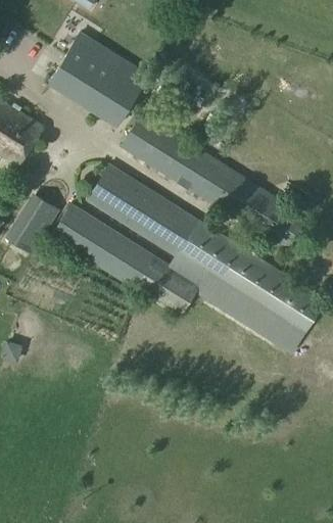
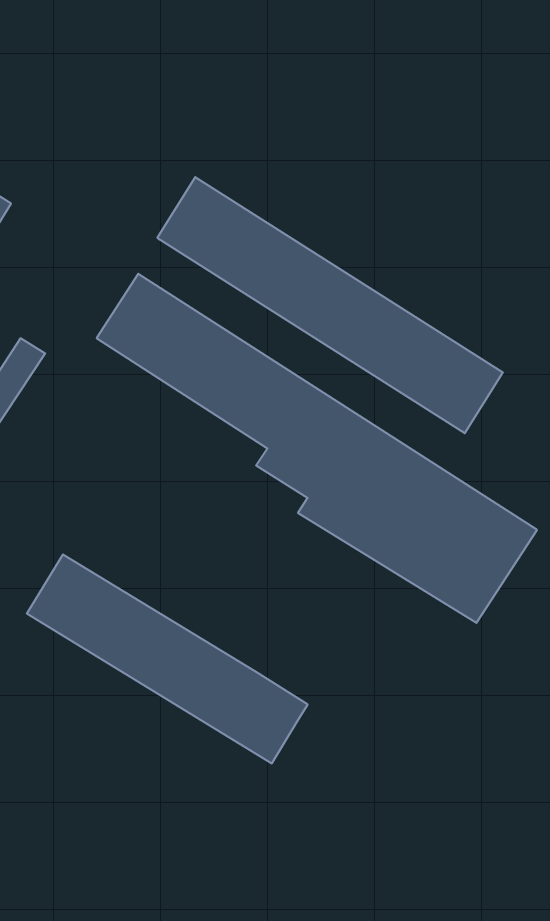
building: [48,33,148,126] -> none
building: [49,203,200,316] -> [27,555,308,763]

